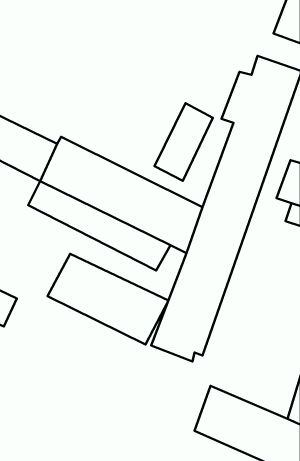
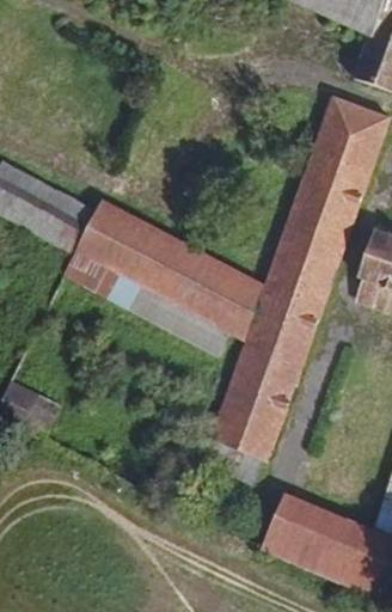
building: [155,103,213,181] -> none
building: [47,254,168,344] -> none

